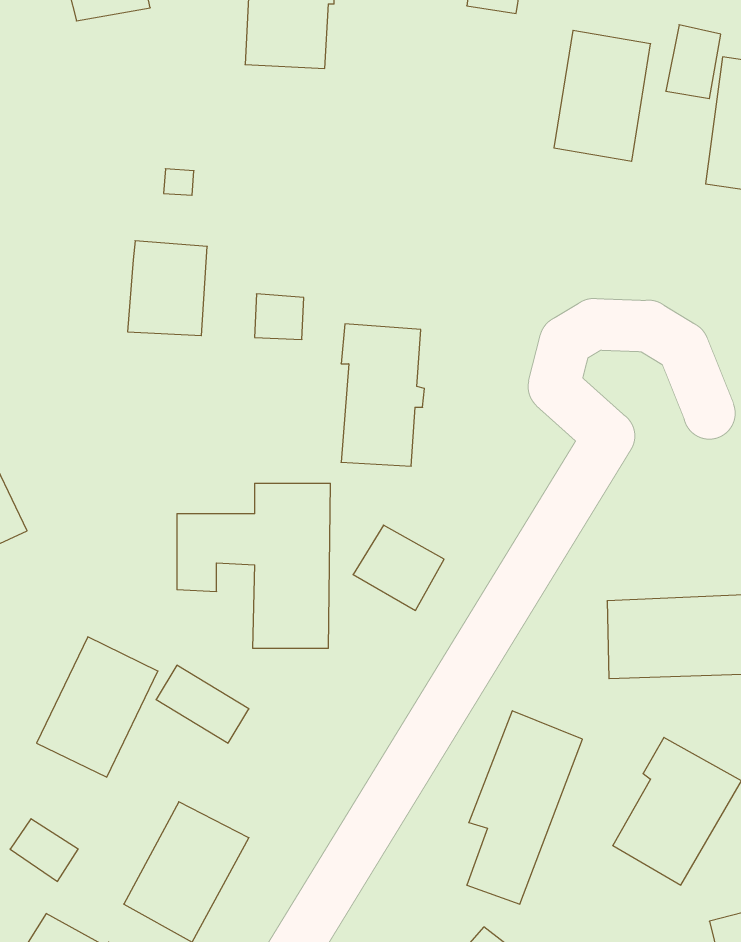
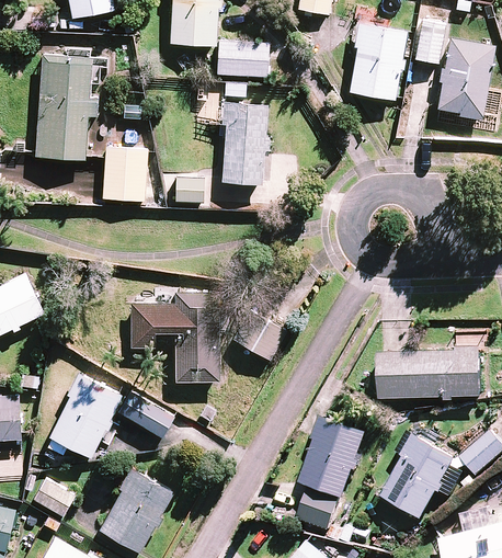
building: none -> [216,39,270,77]
building: none -> [35,54,99,160]
building: [341,324,424,466] -> [221,102,270,184]

